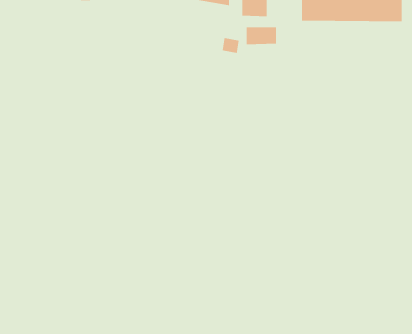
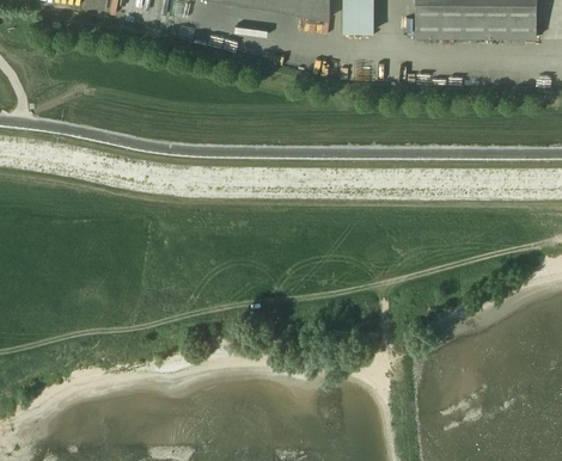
building: [246,27,276,45] -> none

